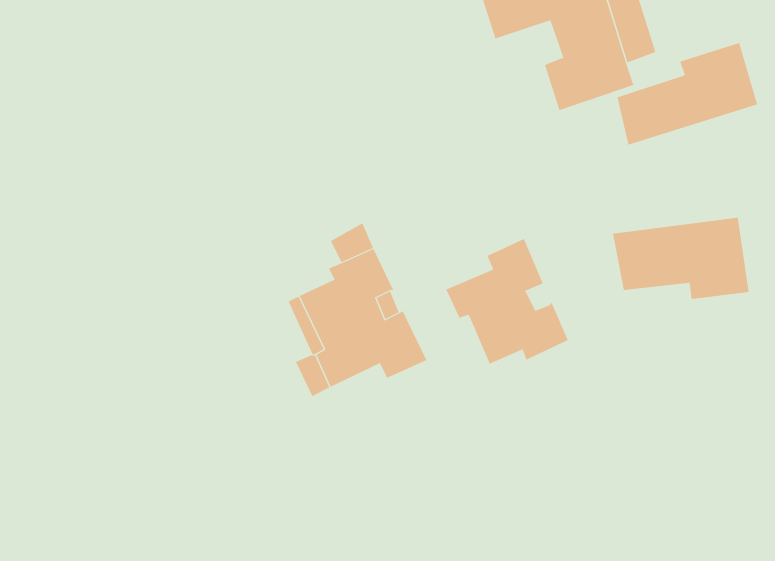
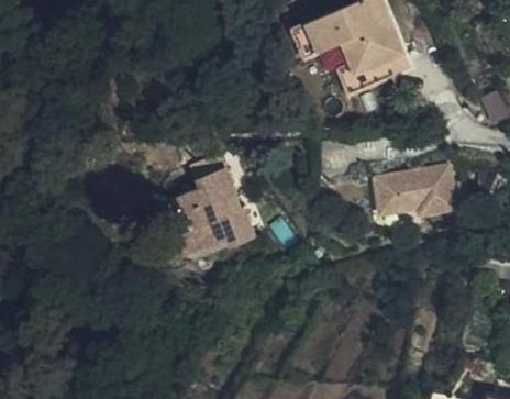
building: [617,42,758,145] -> none
building: [445,238,569,364] -> none

